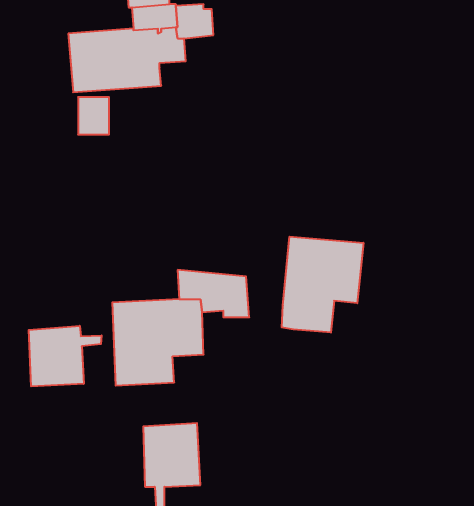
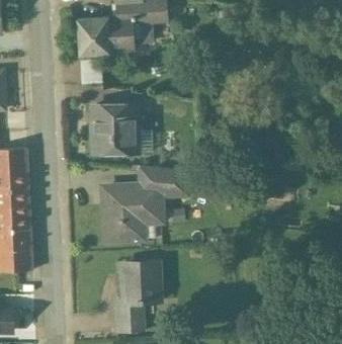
building: none -> [93,106,136,155]
building: [282,237,363,333] -> none
building: [29,326,102,386] -> none

